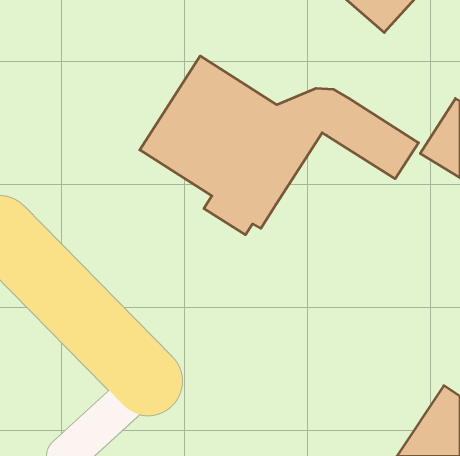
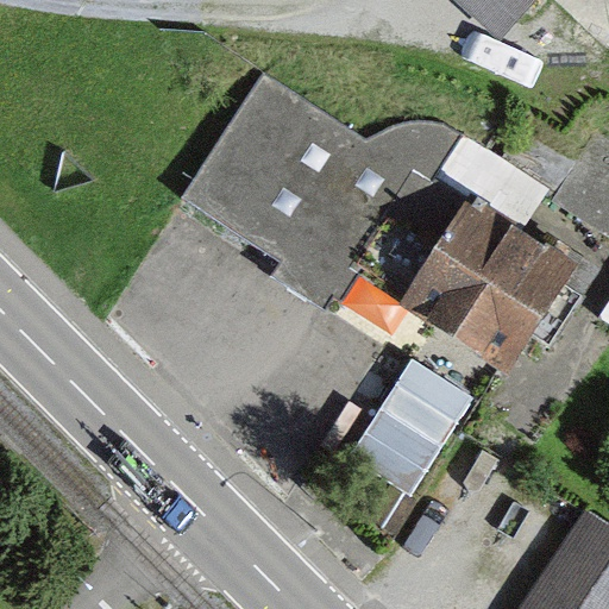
building: none -> [364,175,576,377]
building: none -> [349,358,471,494]

